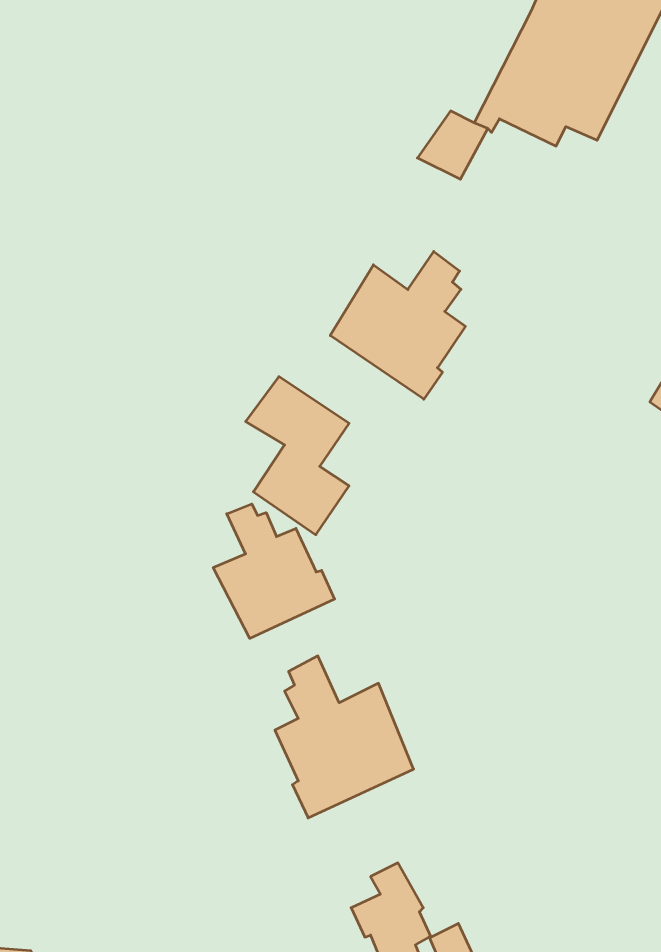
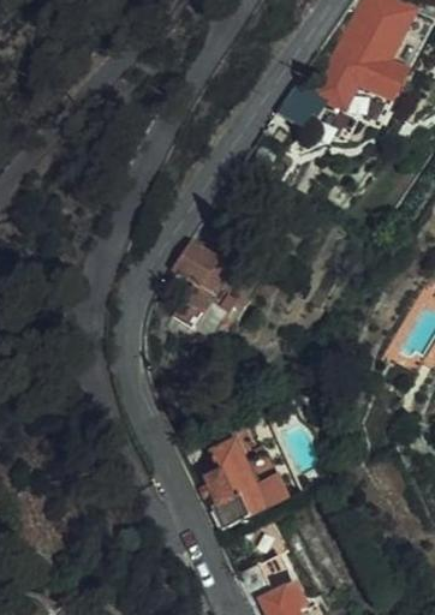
building: [330,251,465,399] -> none
building: [213,504,335,638] -> none

